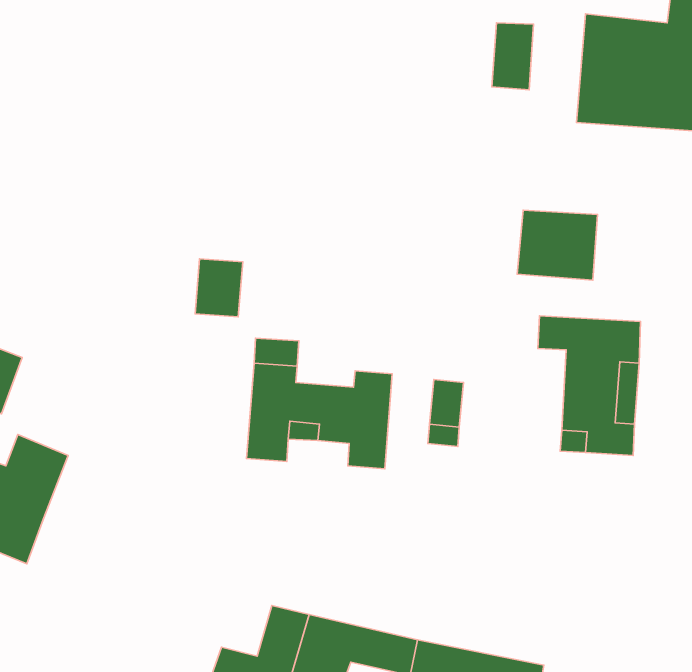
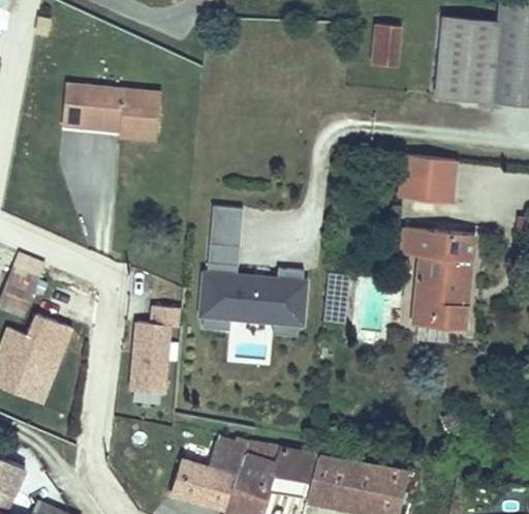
building: none -> [57,79,155,134]
building: [195,259,243,317] -> [207,209,240,249]
building: none -> [130,304,179,390]

